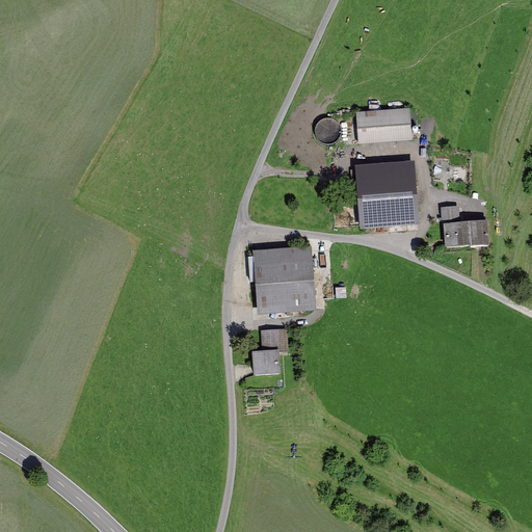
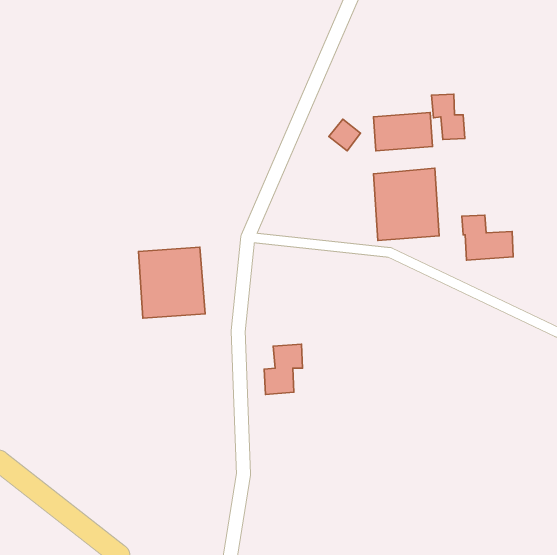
building: none -> [432,94,465,139]
building: [252,246,316,314] -> [139,247,205,318]

